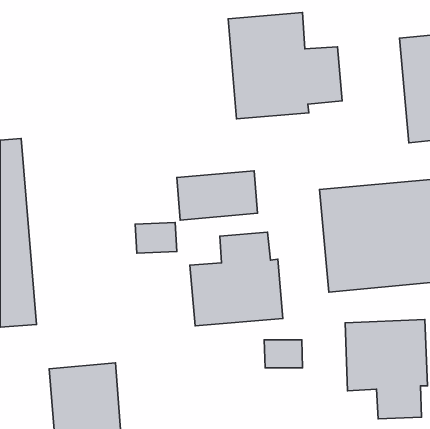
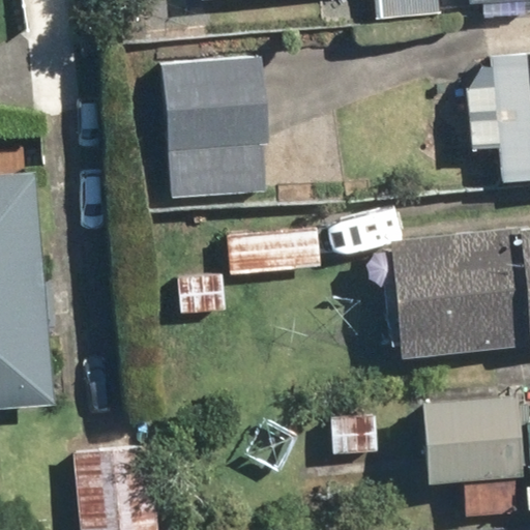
building: [228,12,342,119] -> none
building: none -> [145,58,264,201]
building: [190,232,283,326] -> none

